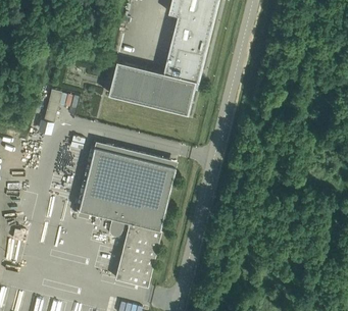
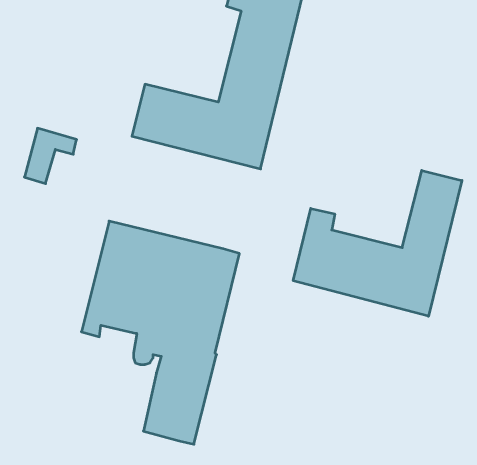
building: none -> [293,170,462,316]

